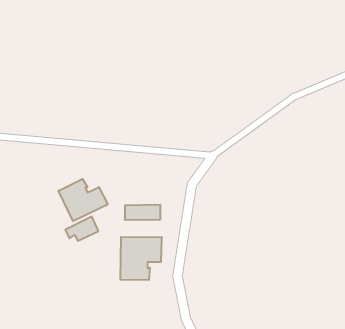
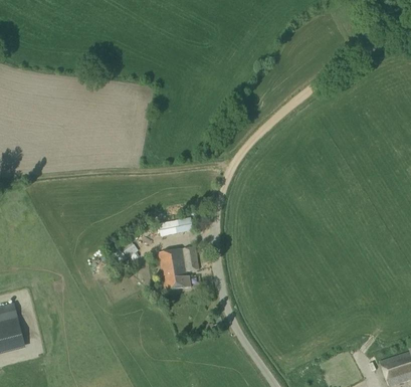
building: [58,179,108,221] -> none

